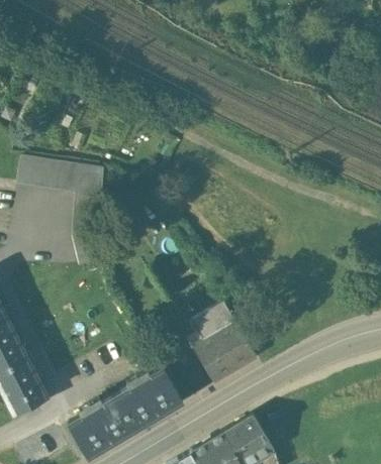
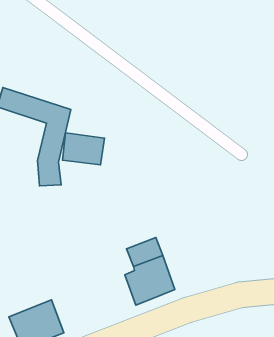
building: none -> [63,133,104,165]
building: [117,365,183,428] -> none

